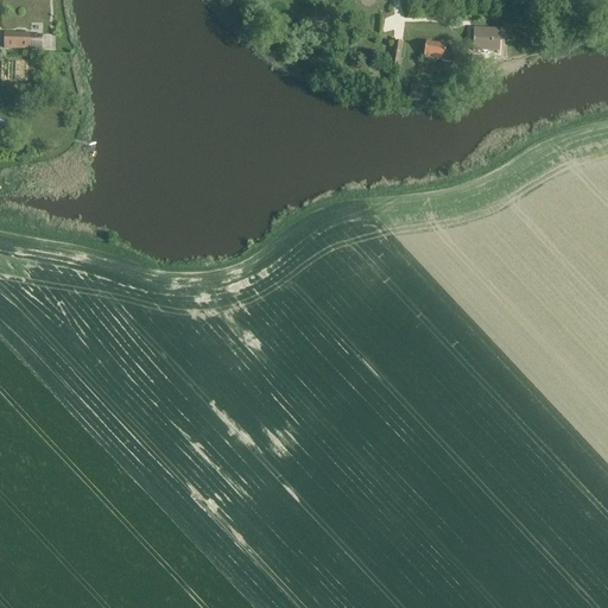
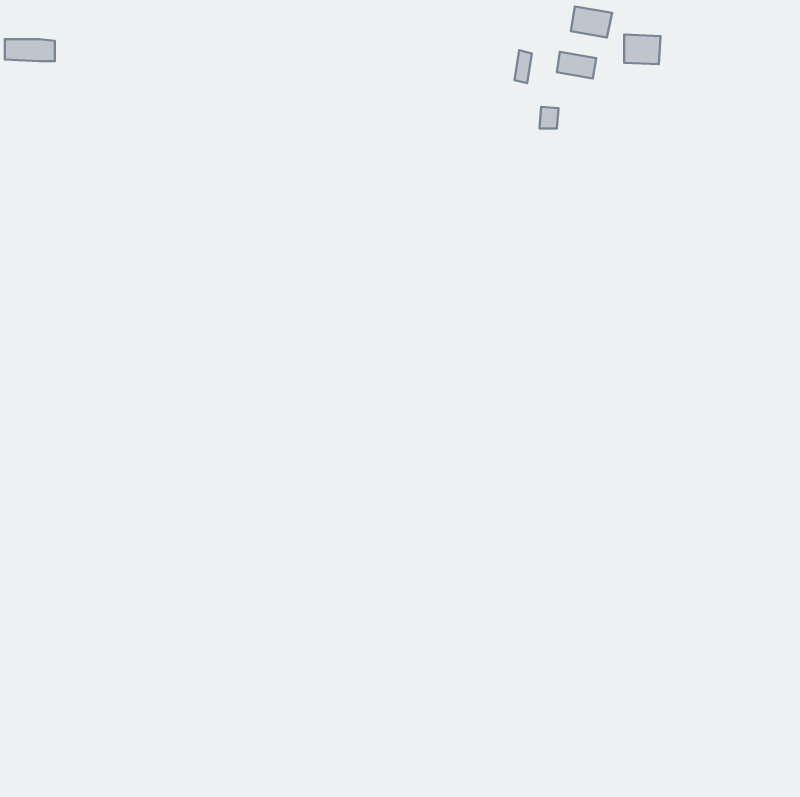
building: none -> [571,6,612,37]

